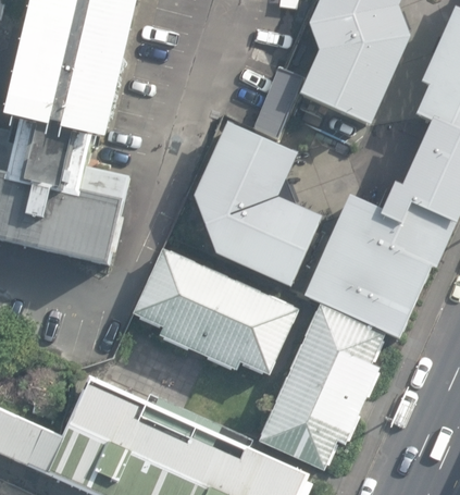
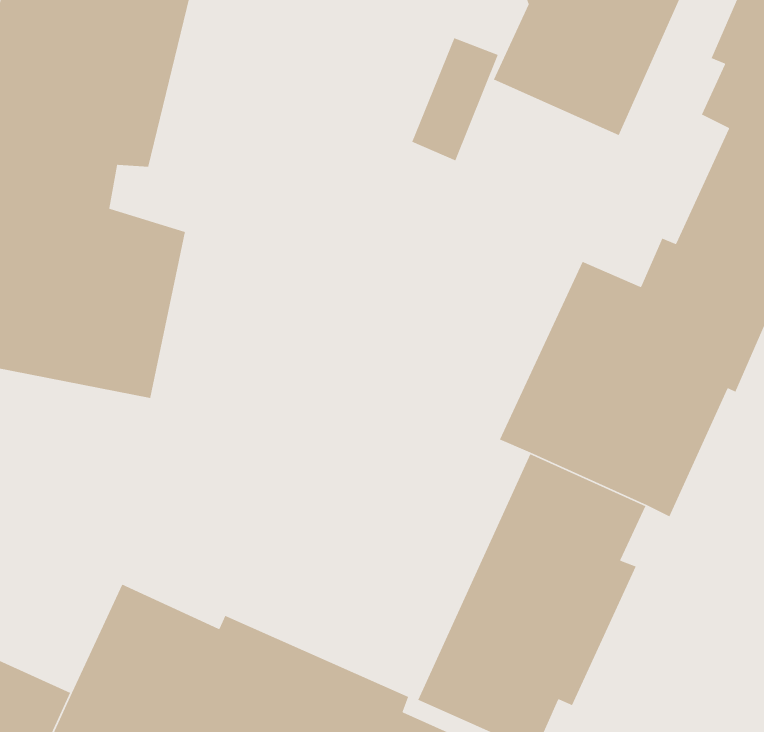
building: [194,121,322,287] -> none
building: [132,248,298,375] -> none

